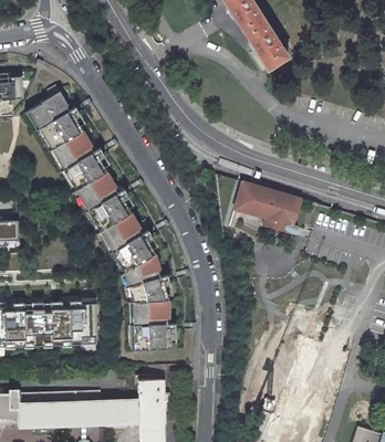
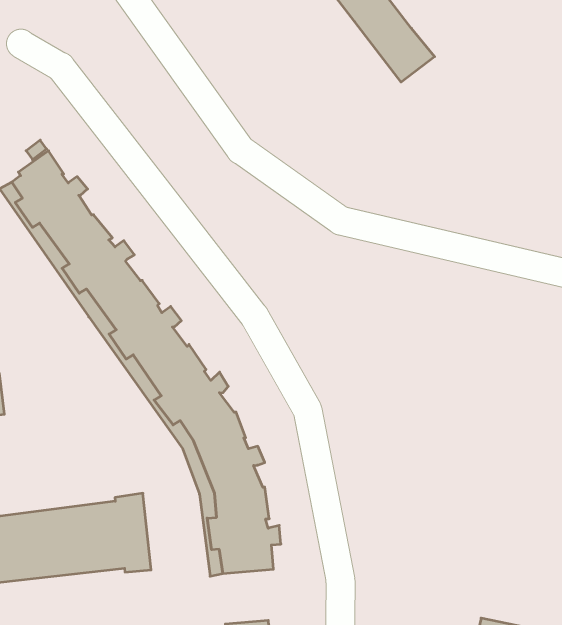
building: [236,182,302,235] -> none

